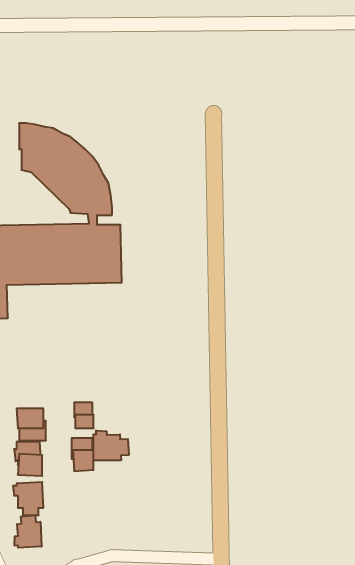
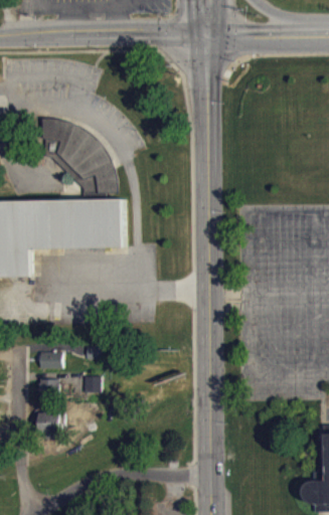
building: [94,430,129,460] -> none
building: [15,515,42,548] -> none

